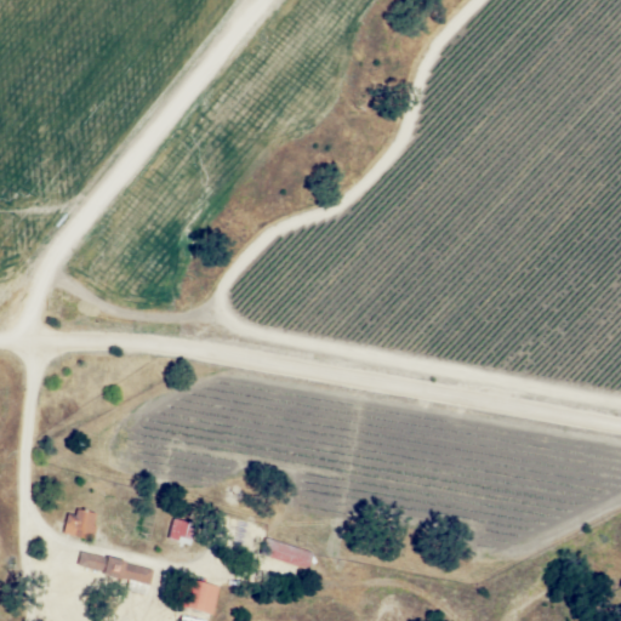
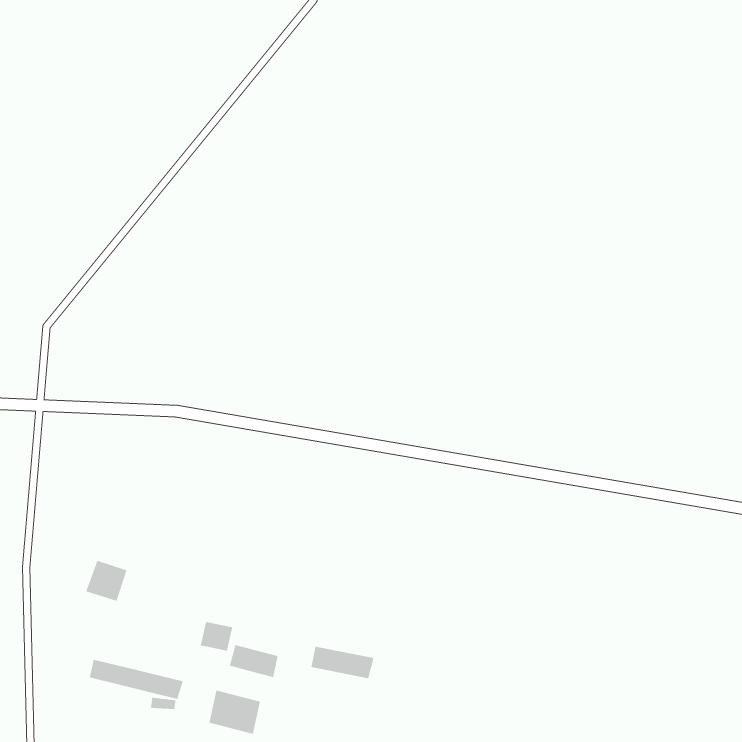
building: [64,506,99,541] -> [85,560,127,602]
building: none -> [229,644,279,678]

